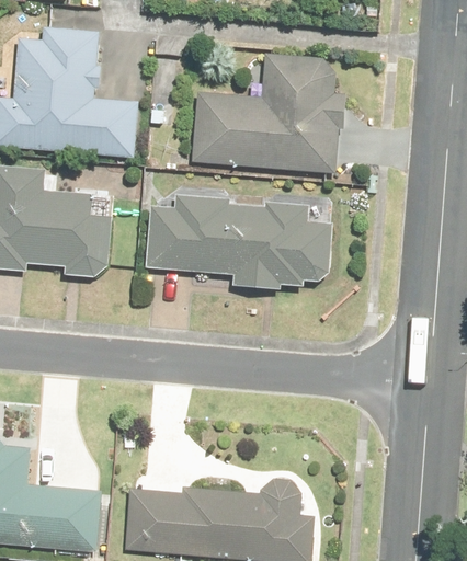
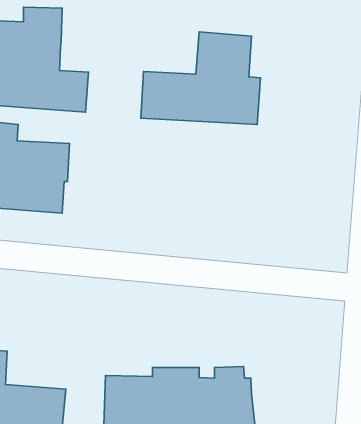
building: [133,195,320,298] -> none

